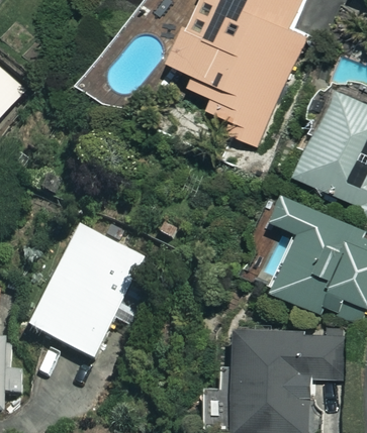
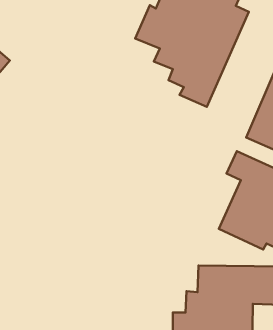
building: [28,226,141,360] -> none

